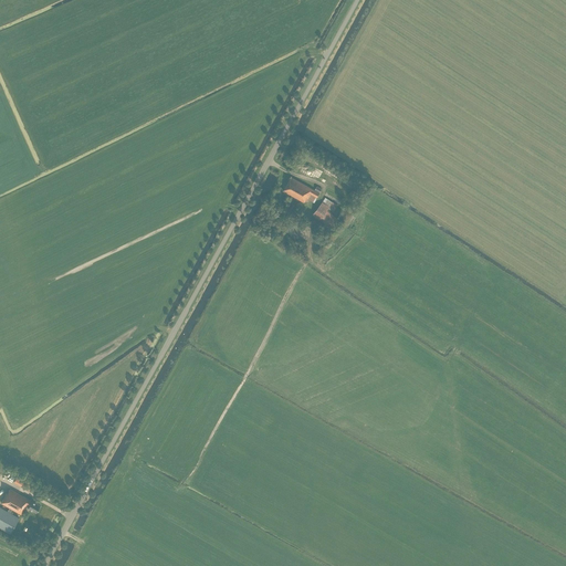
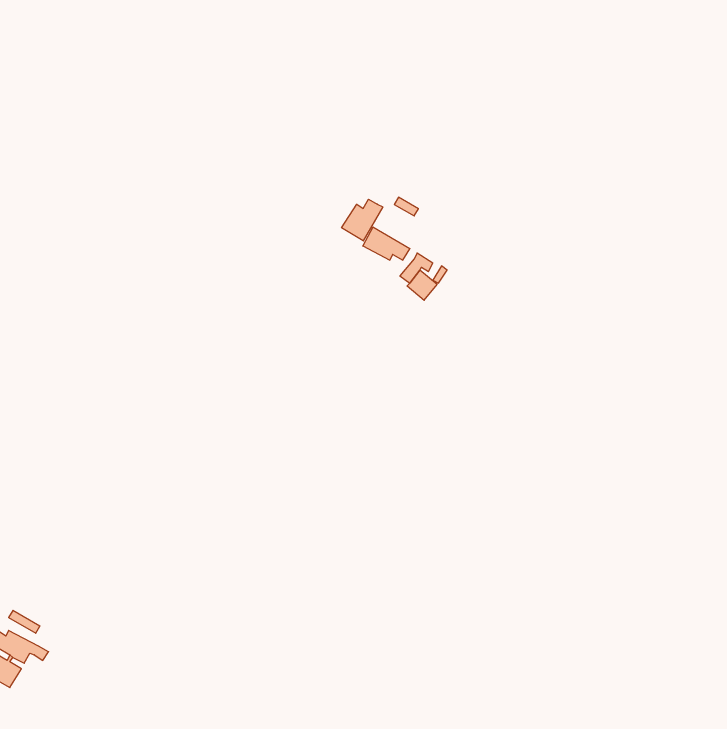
building: none -> [342,199,383,241]

